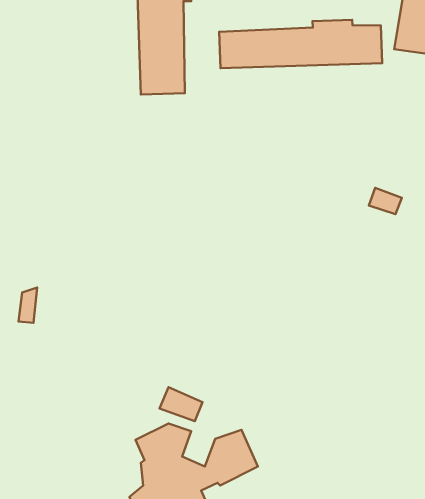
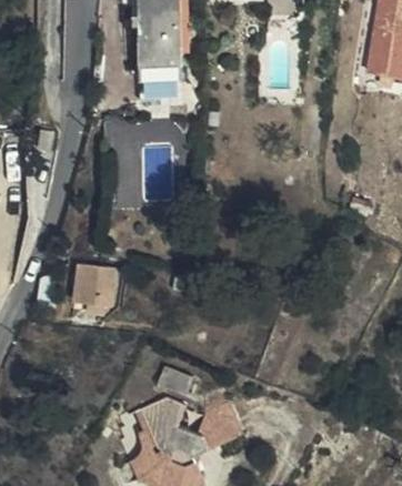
building: [219,20,382,68] -> none
building: none -> [72,267,124,320]

